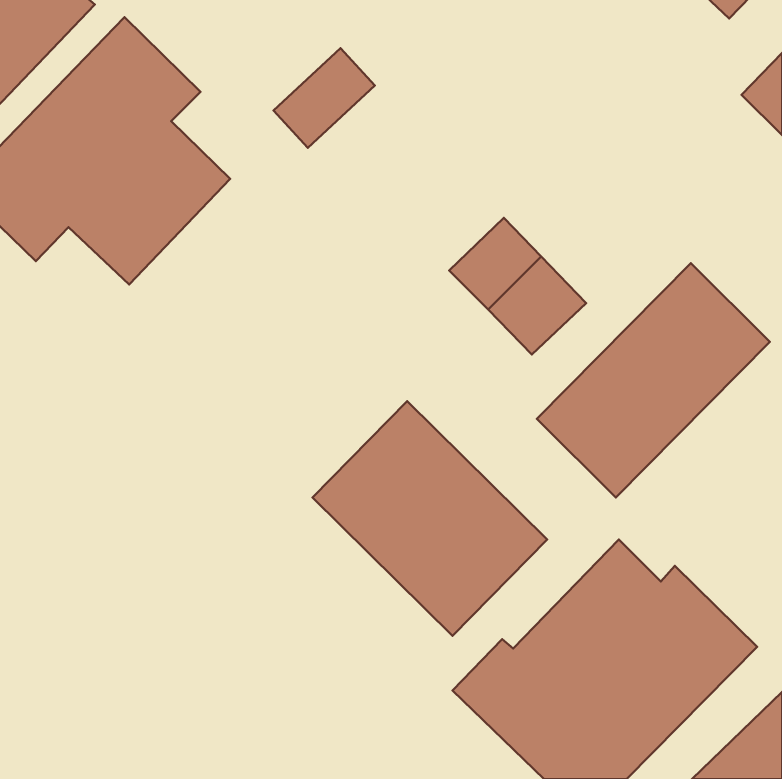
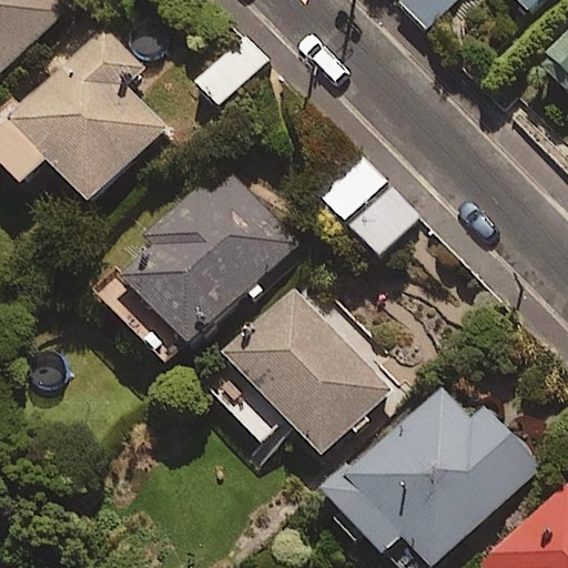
building: none -> [101,161,300,367]
building: [537,263,770,497] -> none

